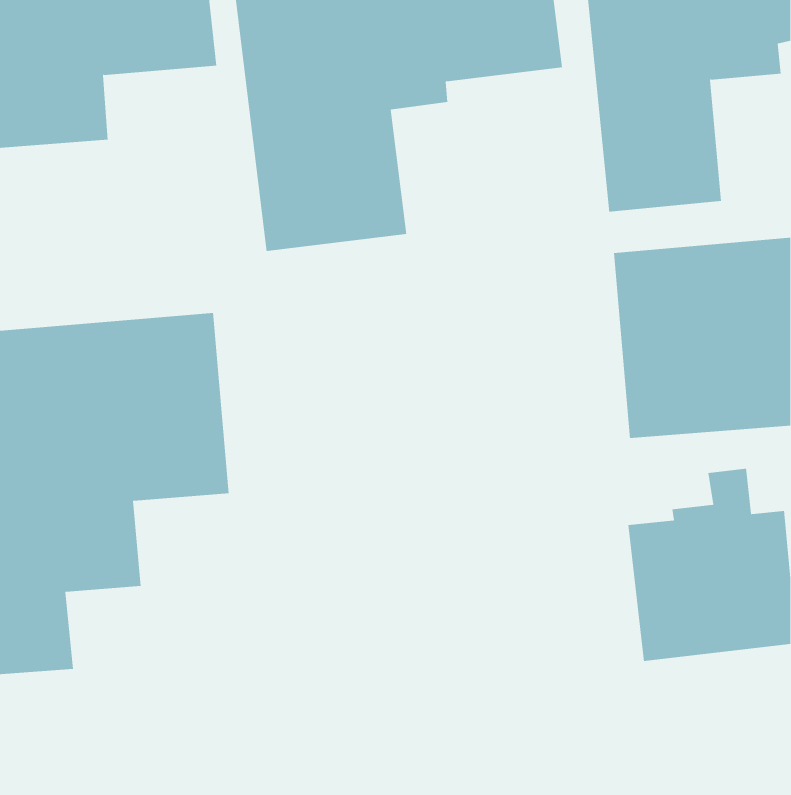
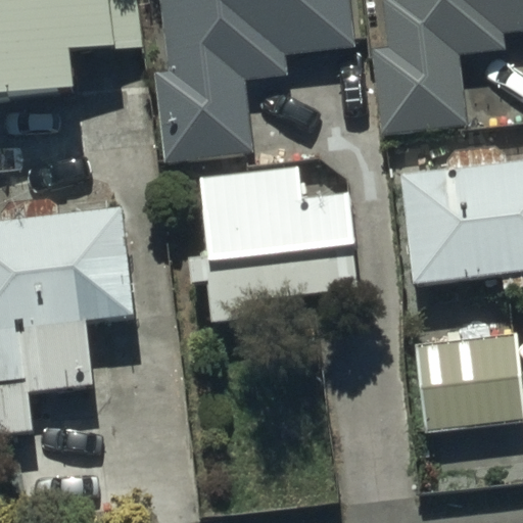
building: none -> [172,173,366,323]

